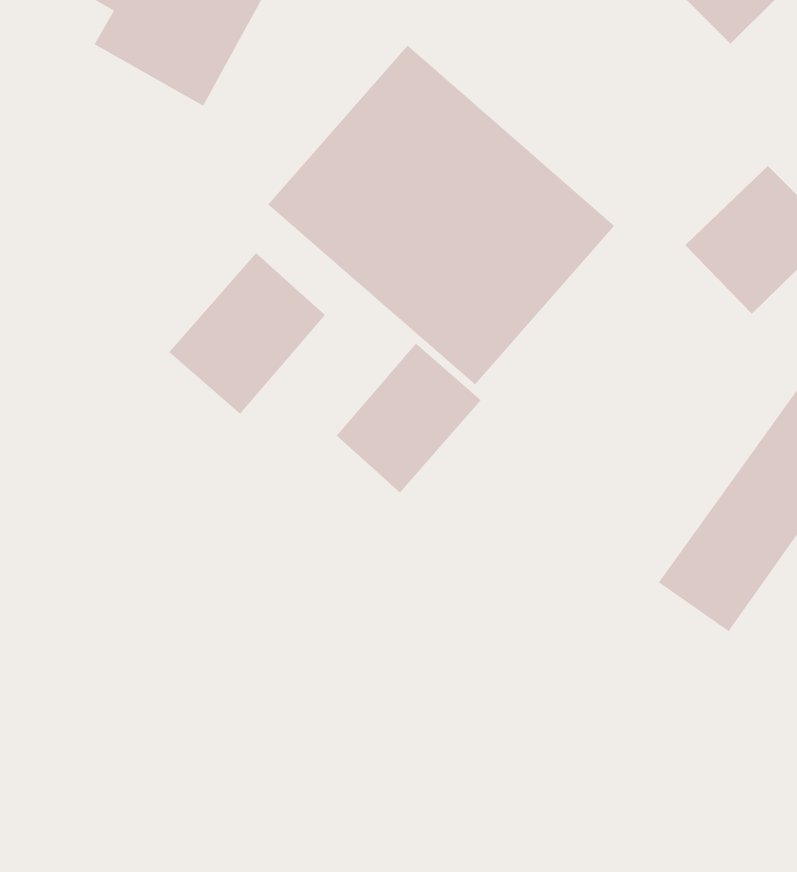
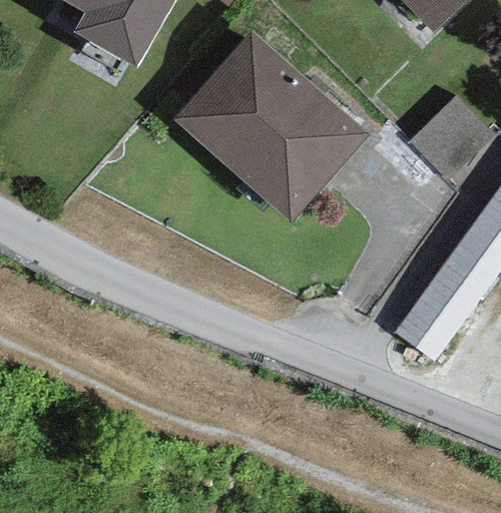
building: [168,252,326,415] -> none
building: [336,343,482,494] -> none

